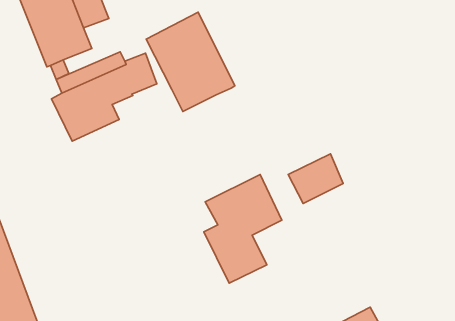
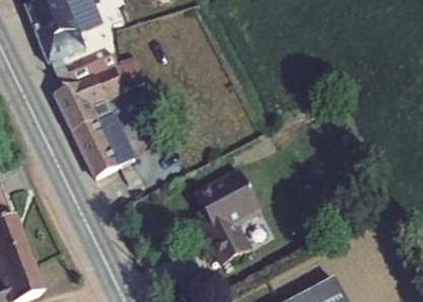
building: [146,12,235,111] -> none
building: none -> [73,110,140,178]
building: [288,154,343,204] -> none

